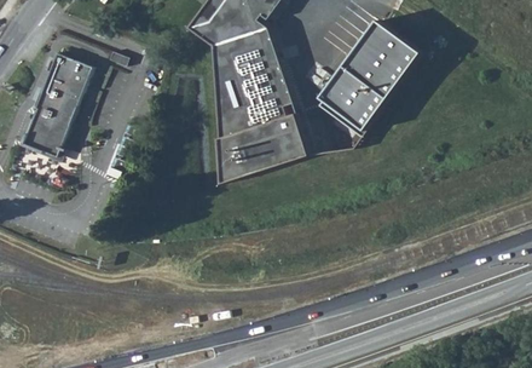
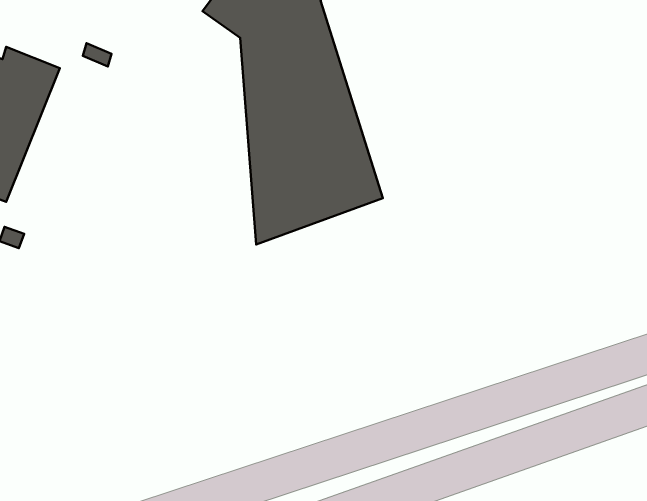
building: [314,27,415,139] -> none

